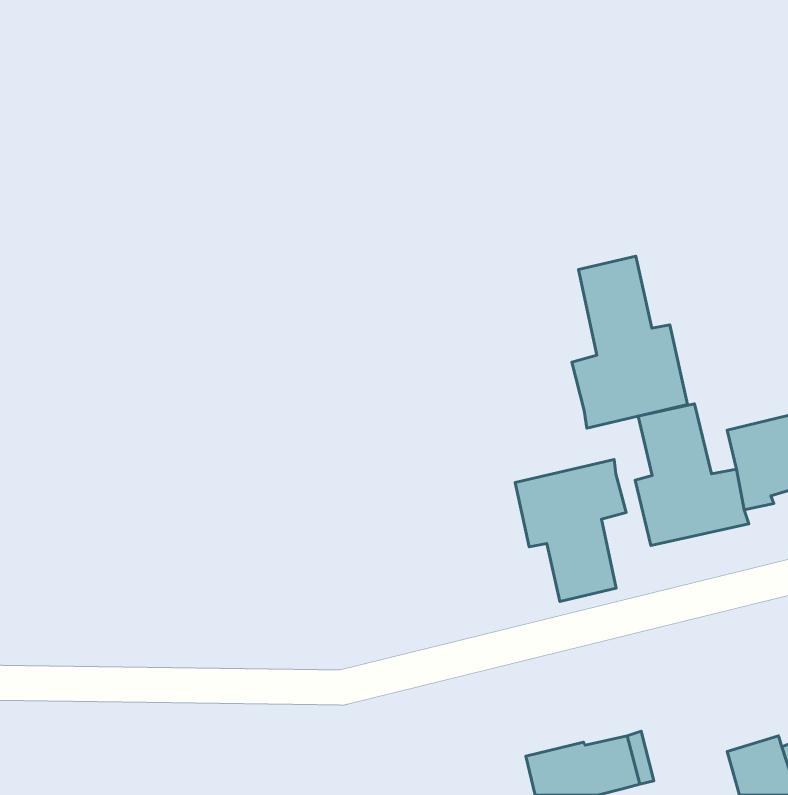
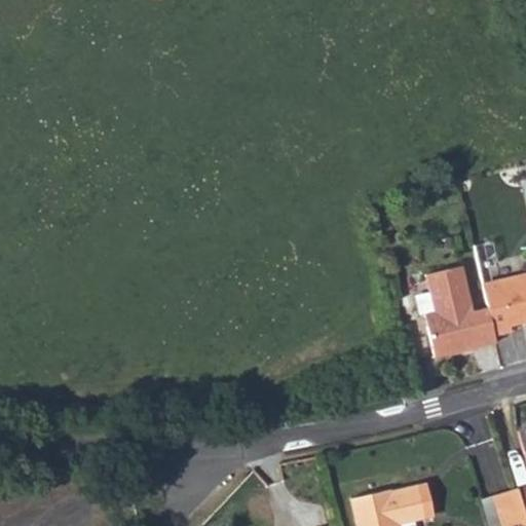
building: [572,256,687,428] -> none
building: [515,459,626,602] -> none

